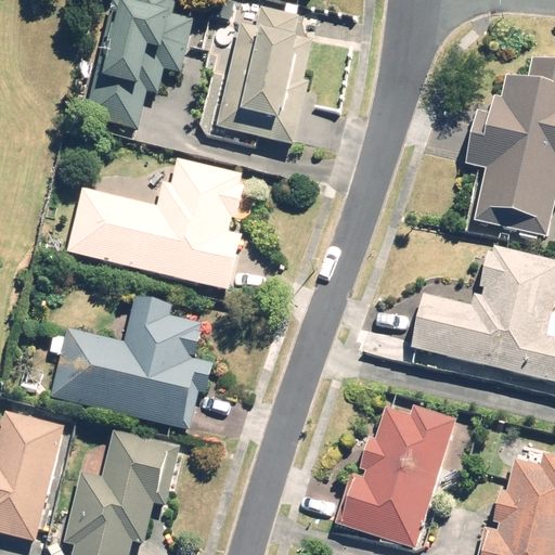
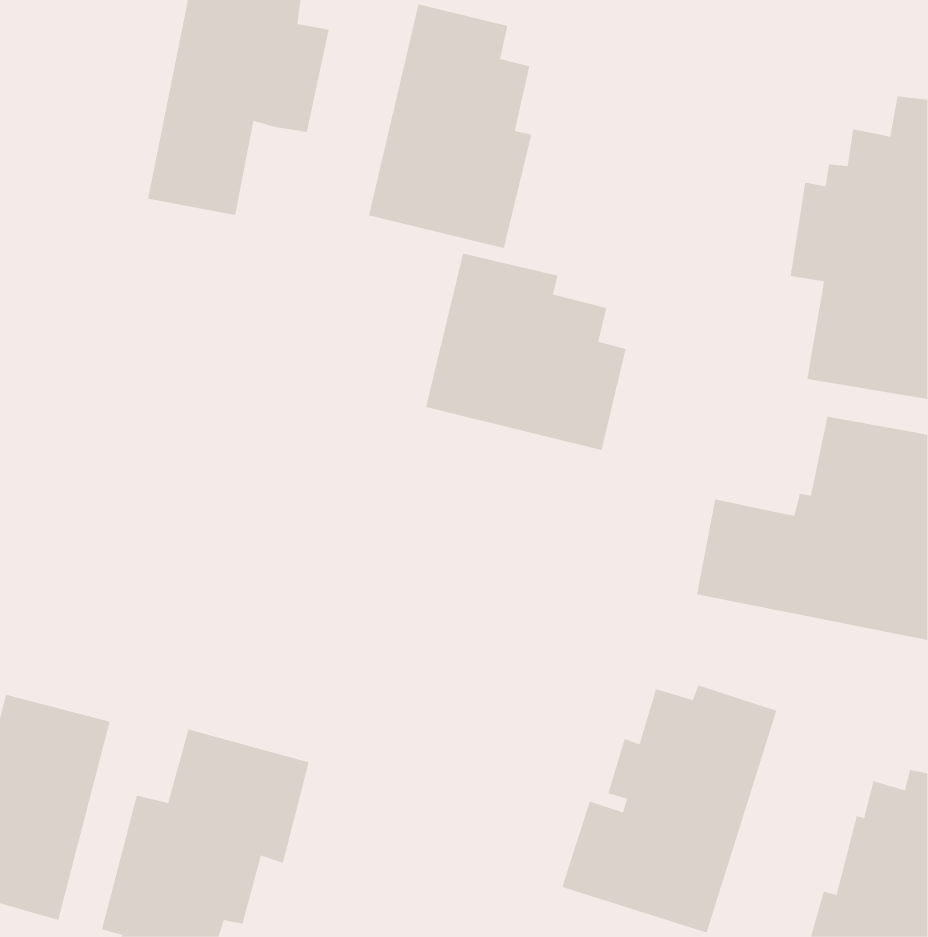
building: none -> [426,253,626,451]
building: [68,160,250,293] -> none
building: [47,293,218,428] -> none

